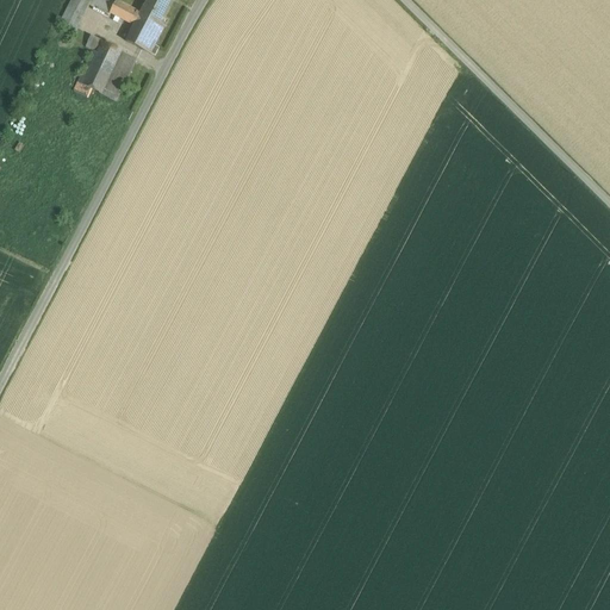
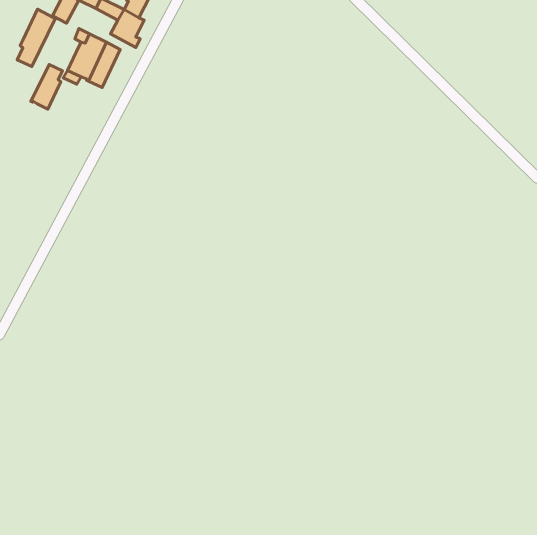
building: none -> [17,9,56,66]
building: none -> [31,65,63,109]

